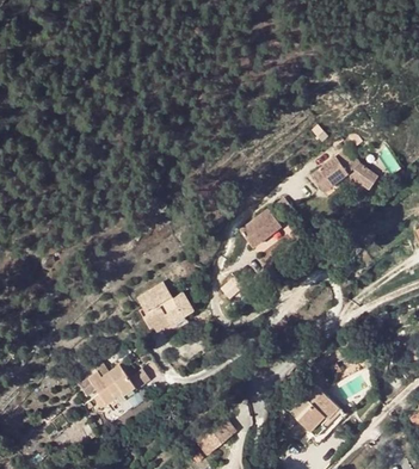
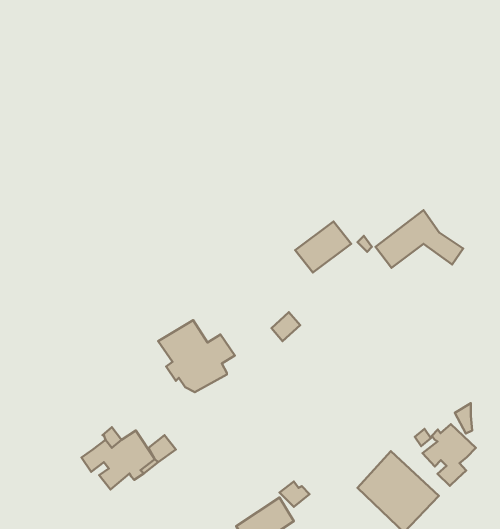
building: [312,149,377,192] -> [376,210,463,268]
building: none -> [423,424,476,486]

